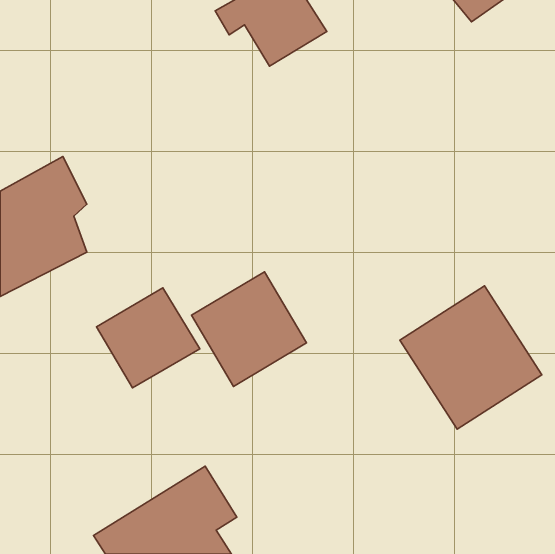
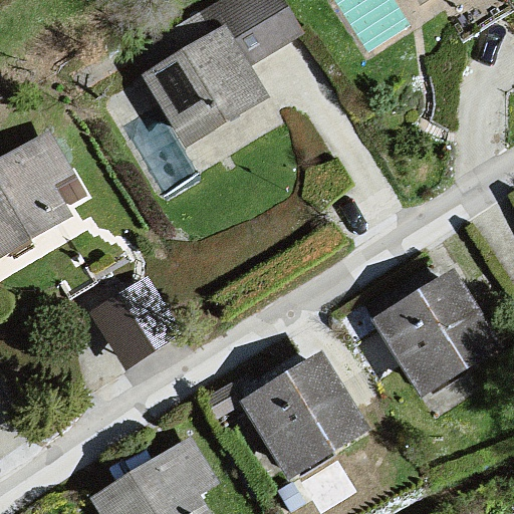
building: none -> [144,23,269,146]
building: [191,272,307,386] -> none
building: none -> [237,355,369,489]

